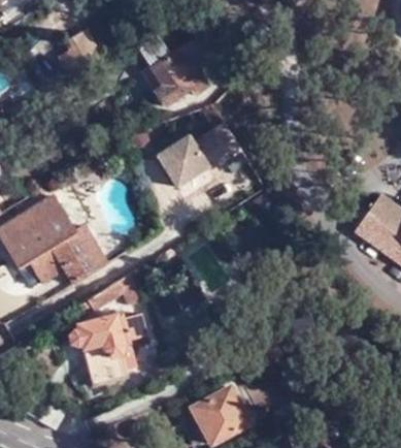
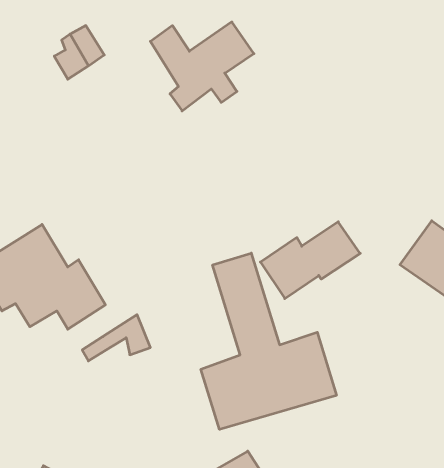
building: [155,125,239,190] -> [260,222,360,299]
building: none -> [201,253,336,429]
building: [67,316,143,389] -> none

